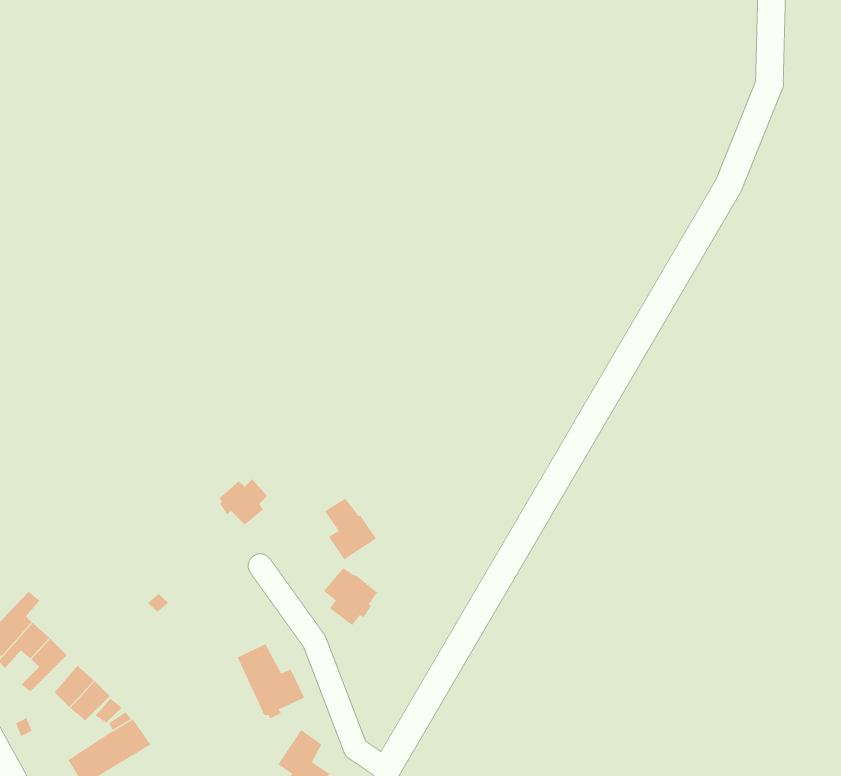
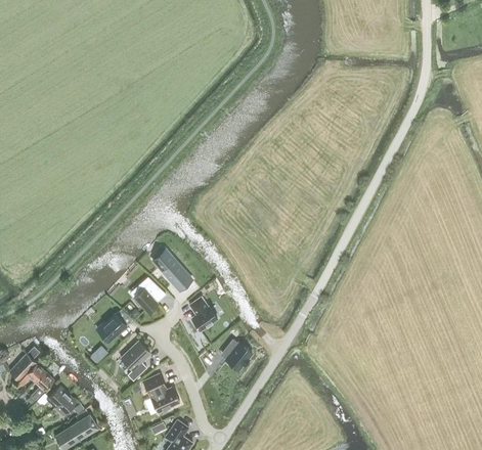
building: none -> [157,254,191,290]
building: none -> [97,313,126,342]
building: [323,567,378,626] -> [223,338,252,368]
building: none -> [121,341,150,379]

